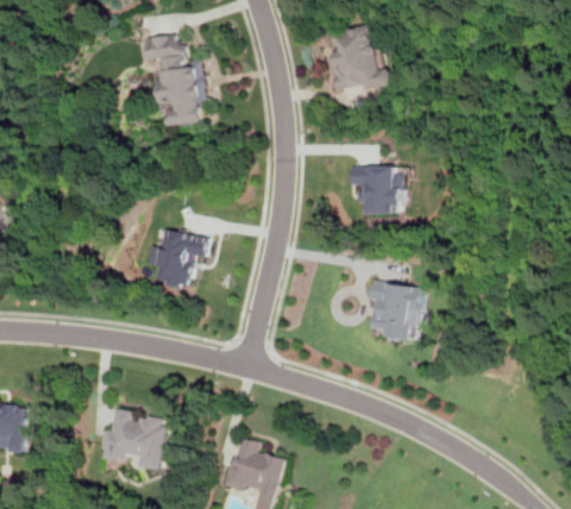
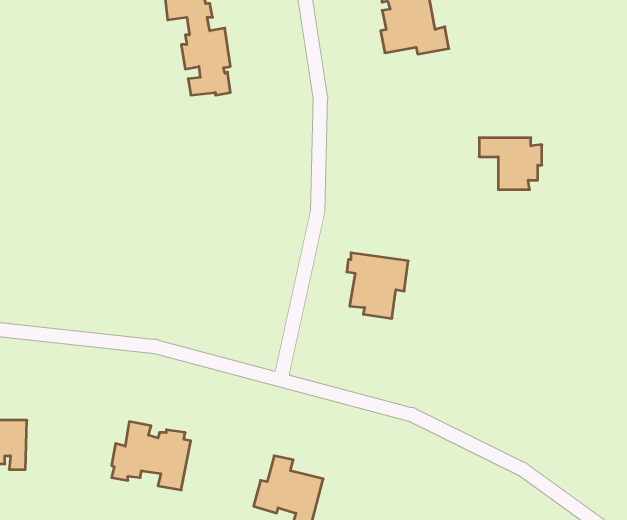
building: [350,168,404,213] -> [479,138,542,190]
building: [146,230,211,288] -> none
building: [369,282,422,339] -> [347,253,408,318]

